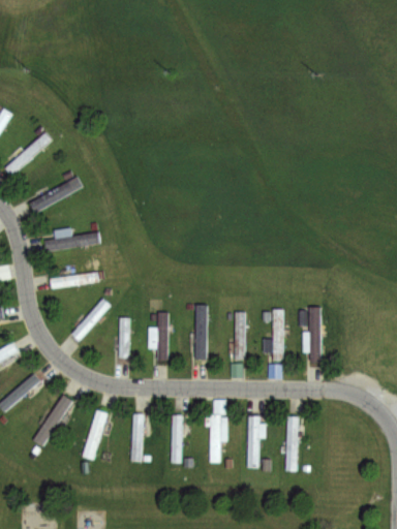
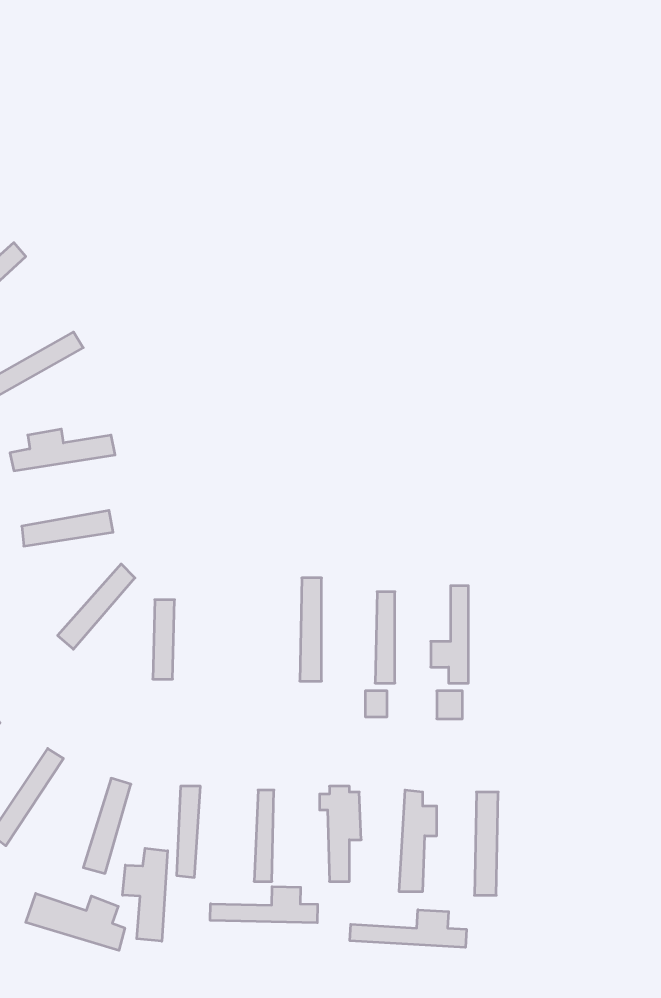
building: [304,309,320,365] -> none
building: [149,312,169,361] -> none
building: none -> [123,848,168,941]
building: none -> [210,887,318,923]
building: none -> [26,893,125,950]
building: none -> [350,910,466,947]

